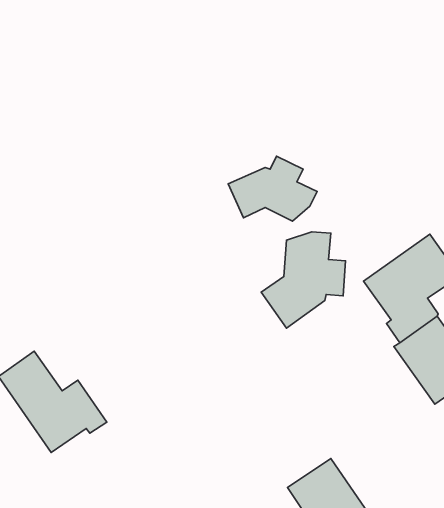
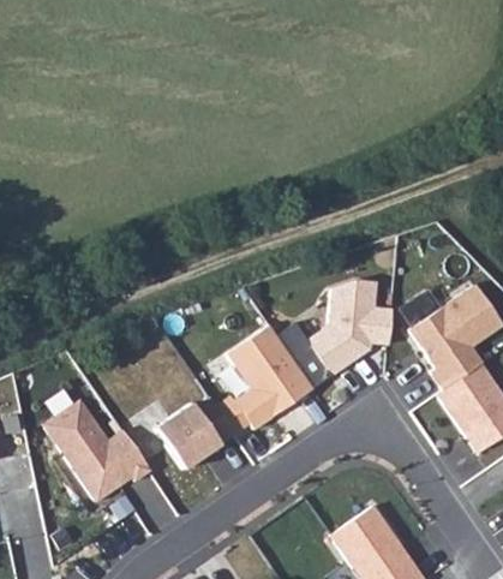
building: [228,156,317,221] -> none
building: none -> [227,323,315,428]
building: none -> [156,398,234,467]

